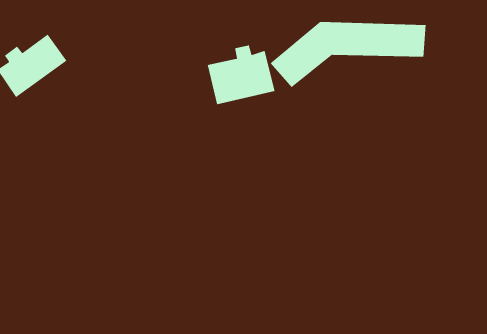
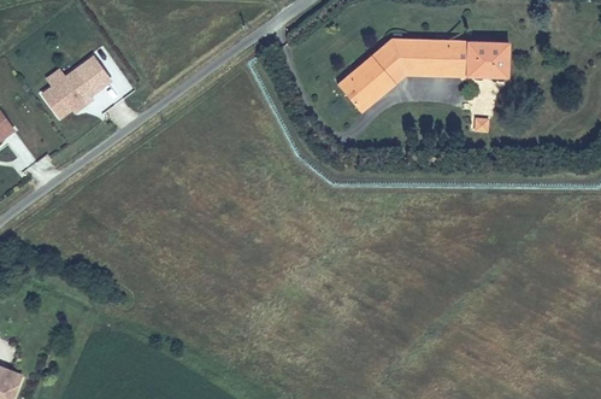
building: [207,45,275,105] -> none

